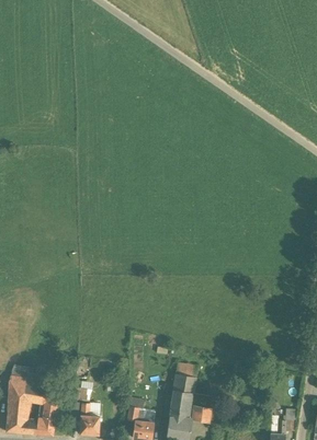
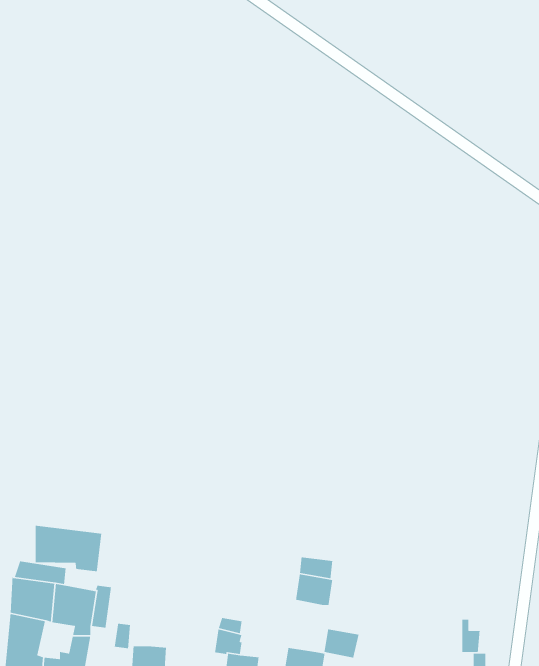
building: none -> [35,525,102,572]
building: [170,390,191,419] -> none

